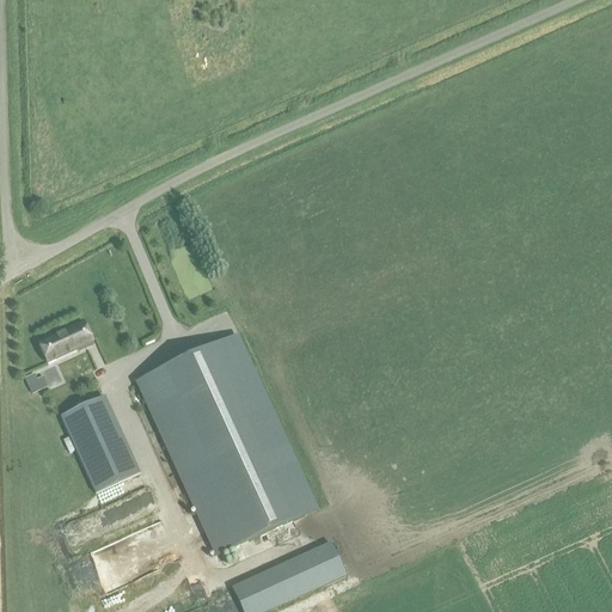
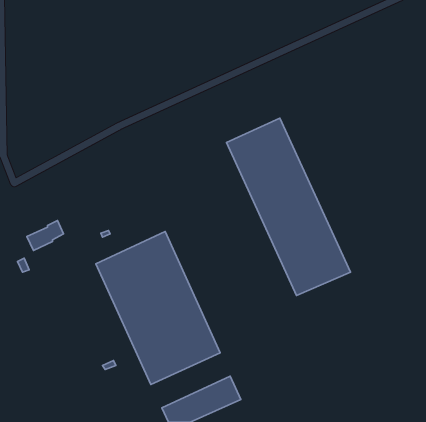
building: none -> [227,118,350,295]
building: [60,393,140,490] -> none

